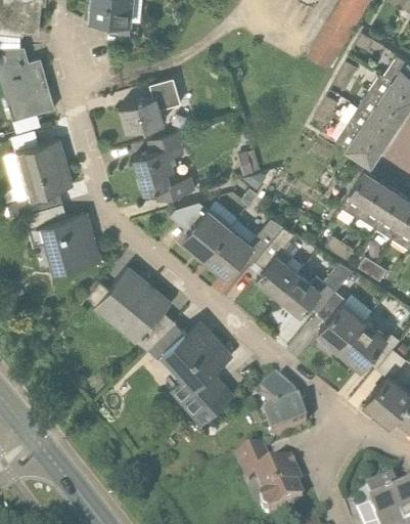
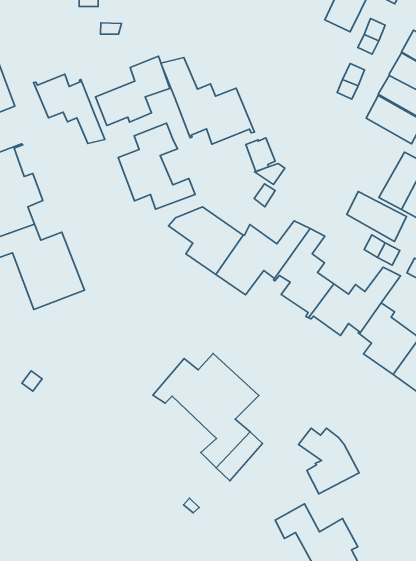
building: none -> [161,58,255,144]
building: none -> [33,74,105,143]
building: none -> [347,192,406,241]
building: [87,268,174,351] -> none

